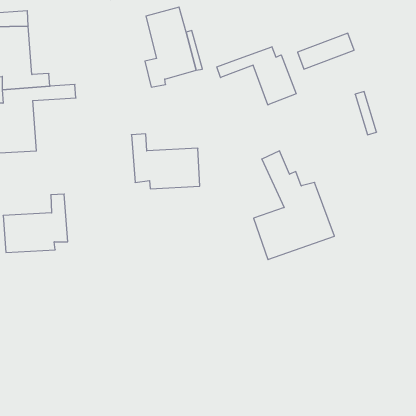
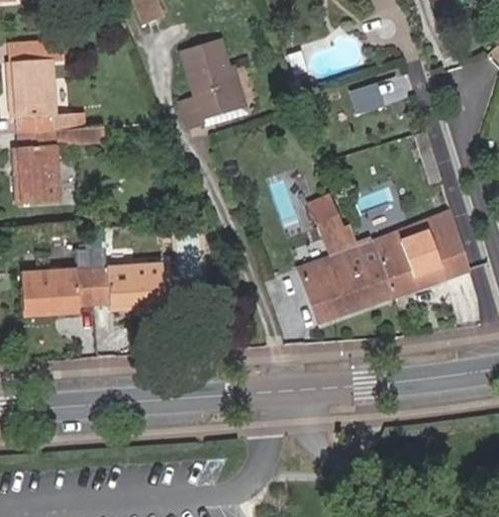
building: [217,47,296,105] -> none
building: [131,134,200,189] -> [90,247,167,309]
building: none -> [374,212,469,296]

